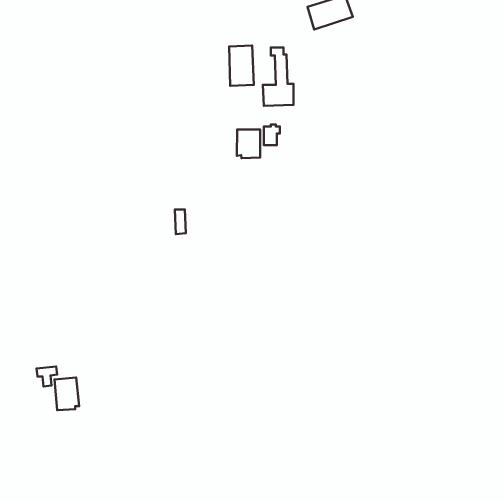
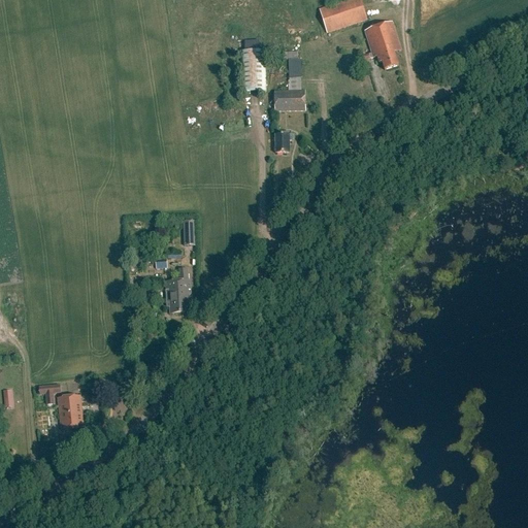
building: none -> [364,20,402,67]
building: [237,129,260,158] -> none
building: none -> [166,268,191,311]

